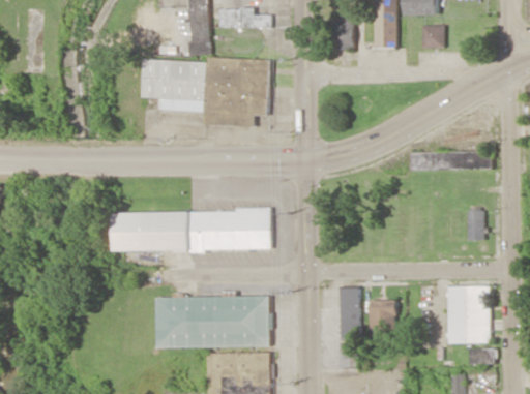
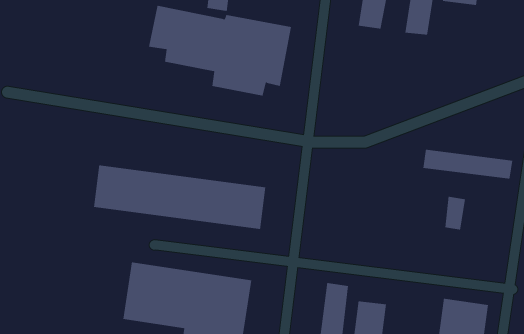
building: [420,24,443,47] -> none
building: [466,210,482,239] -> [444,196,466,230]

